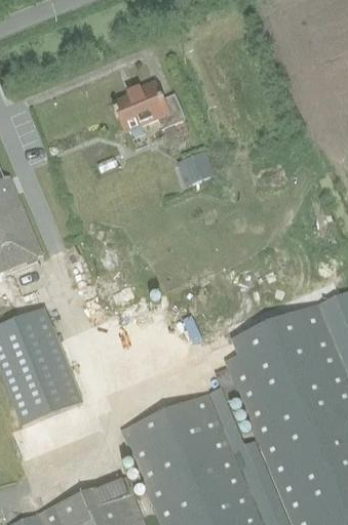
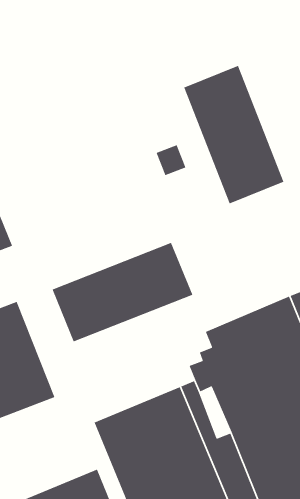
building: none -> [183,65,285,205]
building: [114,82,185,132] -> none
building: none -> [51,242,193,342]

